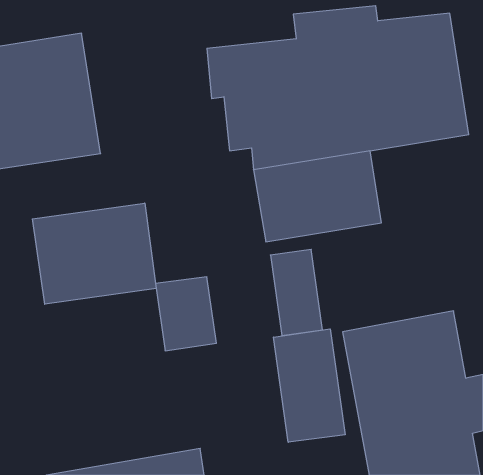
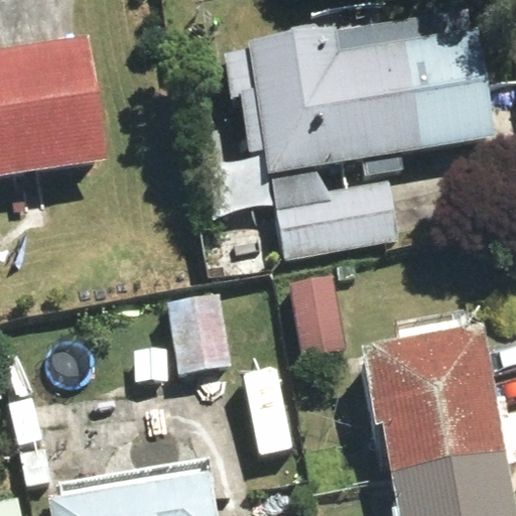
building: [32,203,156,304] -> none
building: [274,329,345,442] -> none

